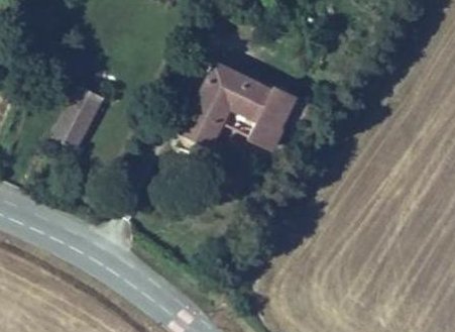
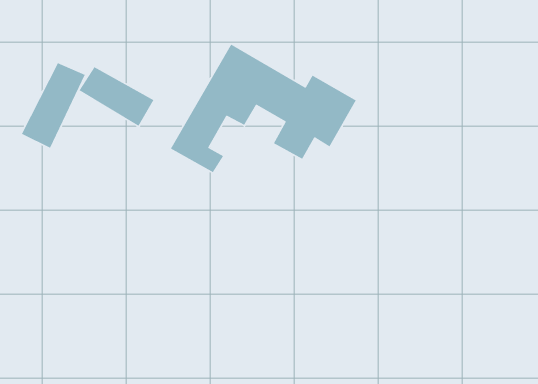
building: none -> [79,66,154,127]

